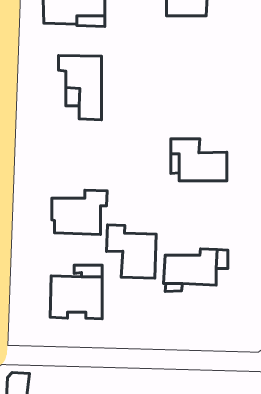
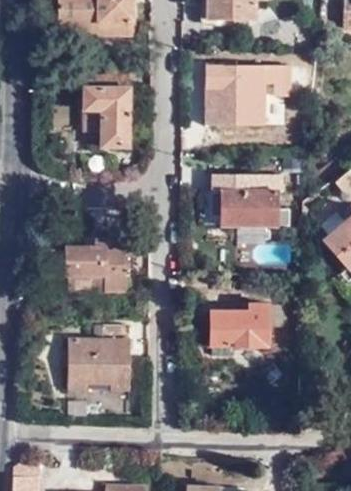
building: none -> [206,68,292,126]
building: [107,225,156,278] -> none

